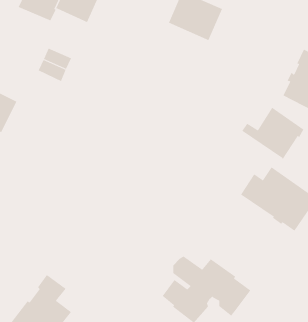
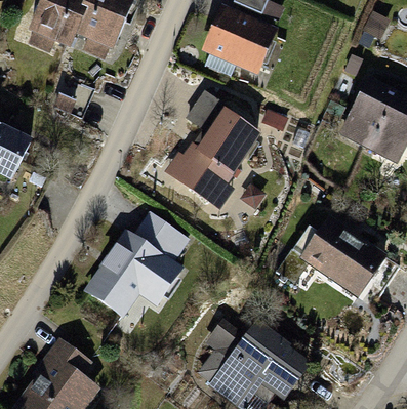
building: none -> [175,92,256,201]
building: [241,107,304,160] -> none
building: none -> [88,214,186,313]

